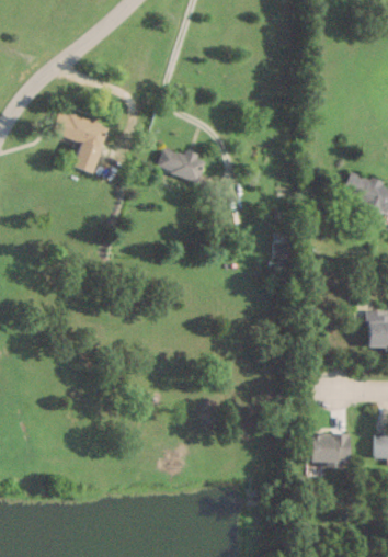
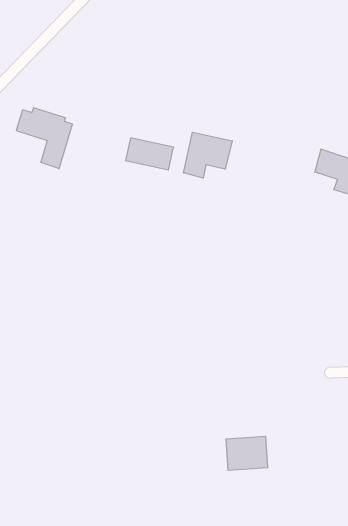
building: none -> [183,132,232,178]
building: [310,435,350,466] -> [226,436,268,470]

